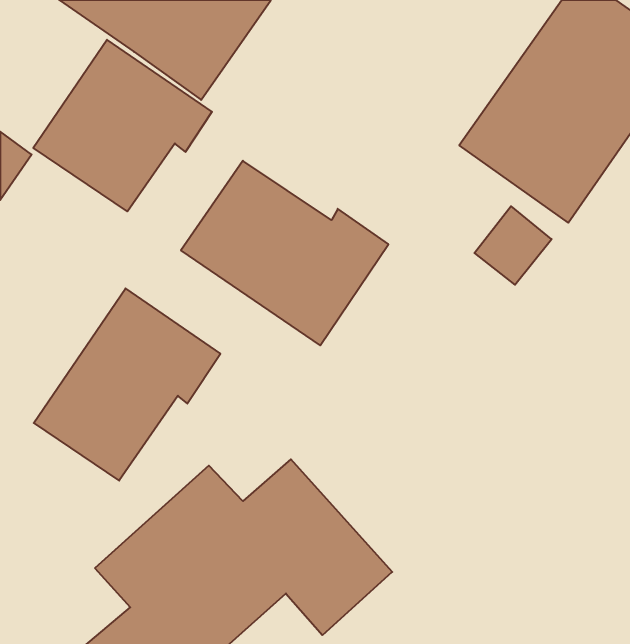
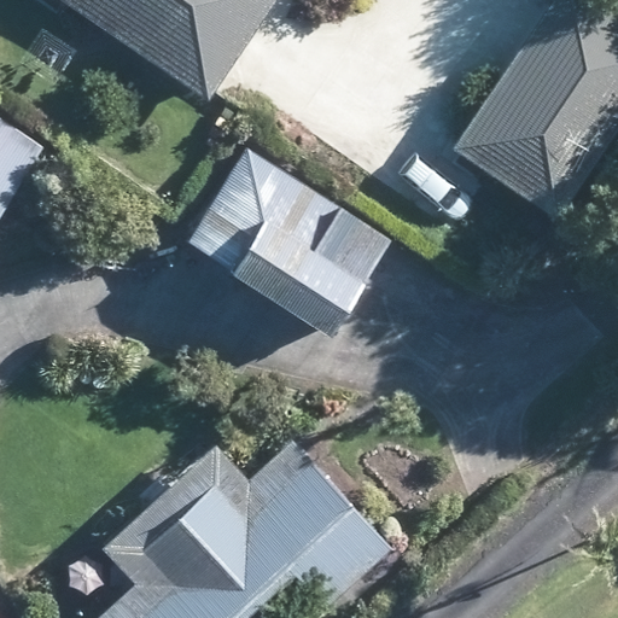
building: [33,40,212,211] -> none
building: [34,288,220,481] -> none

